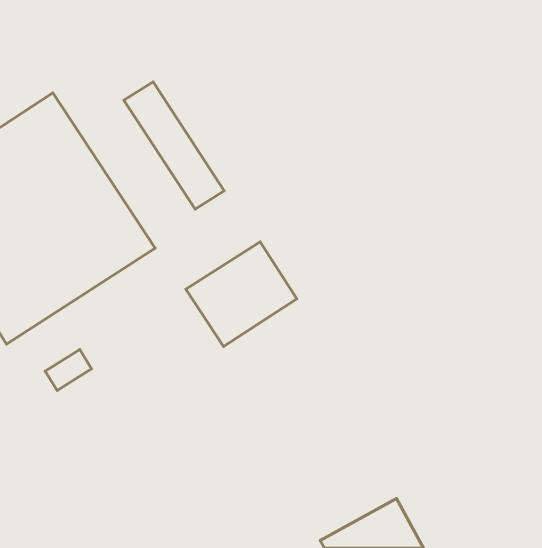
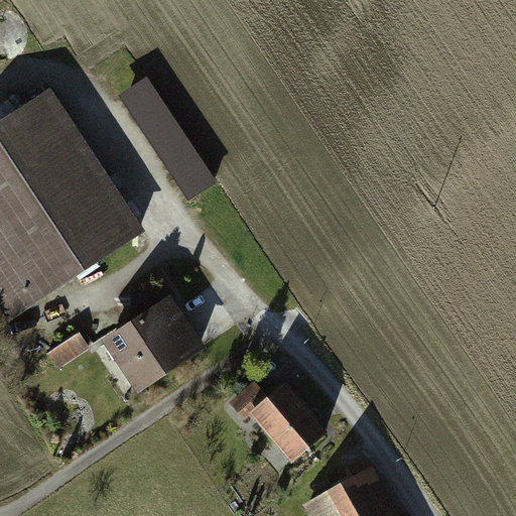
building: [186,242,297,346] -> [100,295,204,393]
building: none -> [249,383,329,465]

